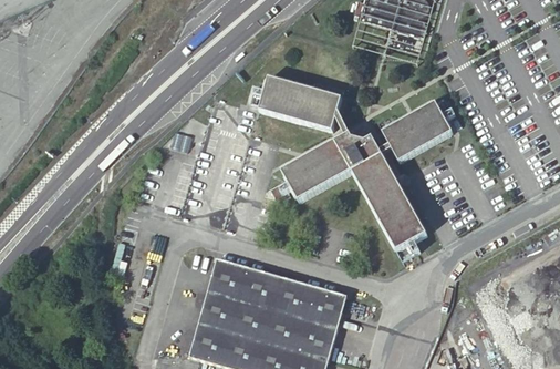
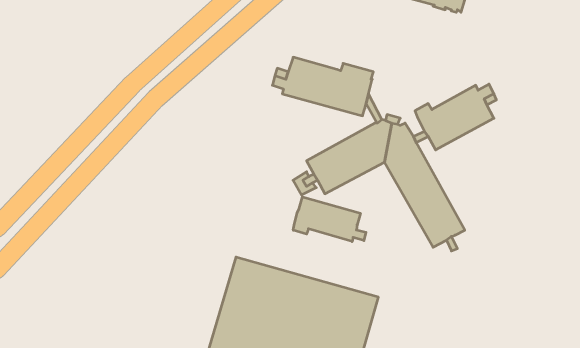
building: none -> [293,197,366,242]

